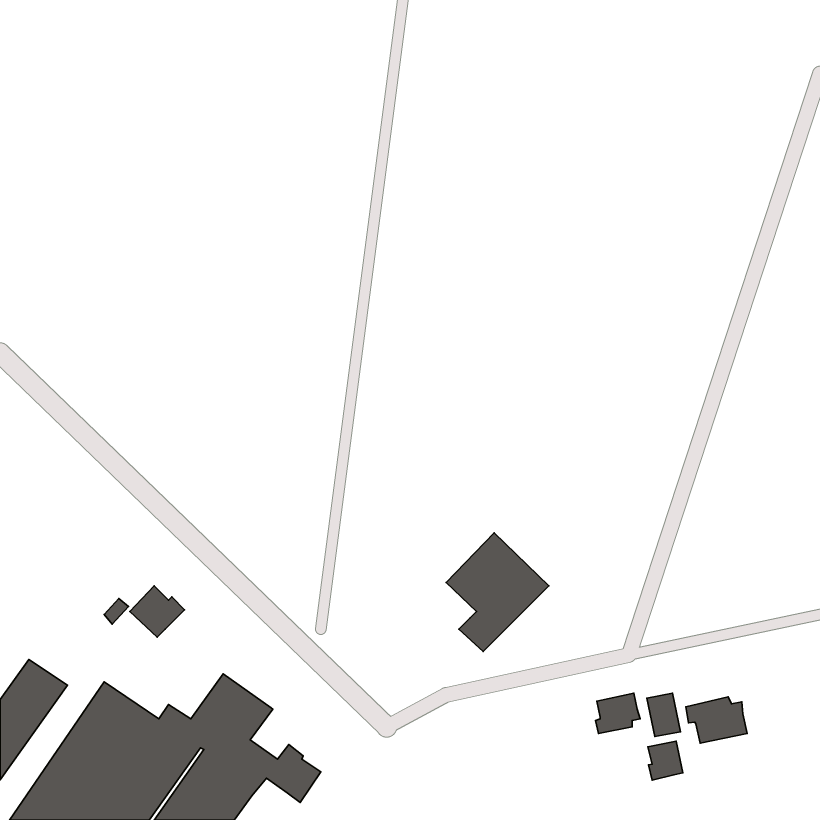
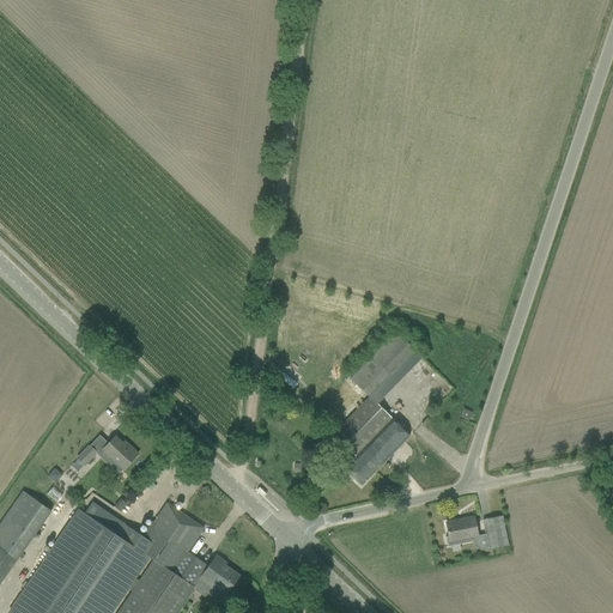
building: none -> [350,333,413,396]
building: [686,697,747,743] -> none
building: [648,741,683,780] -> none

